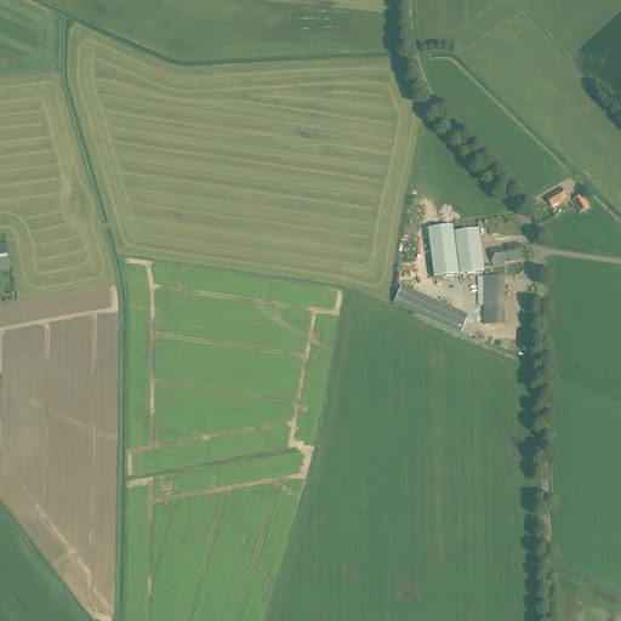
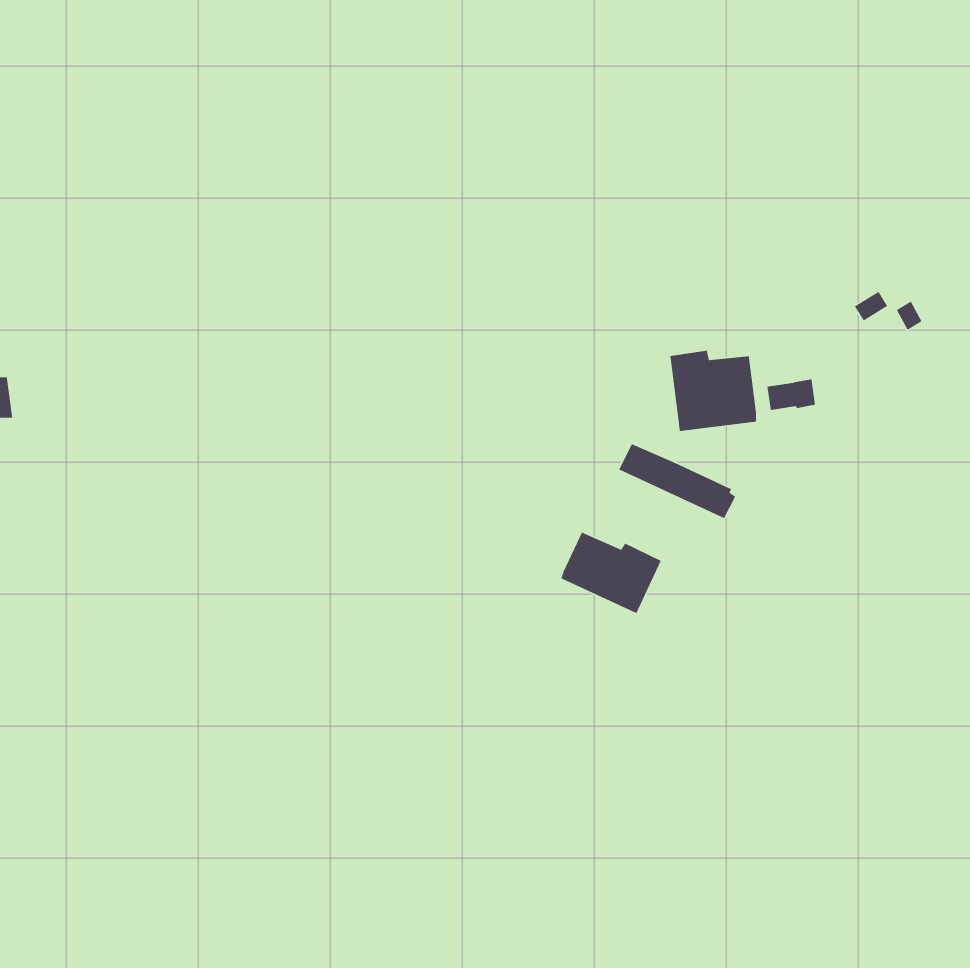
building: [477,274,505,323] -> none
building: none -> [560,532,662,614]

